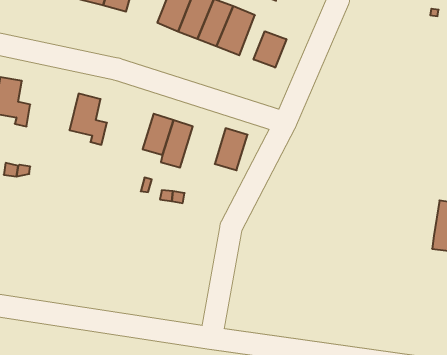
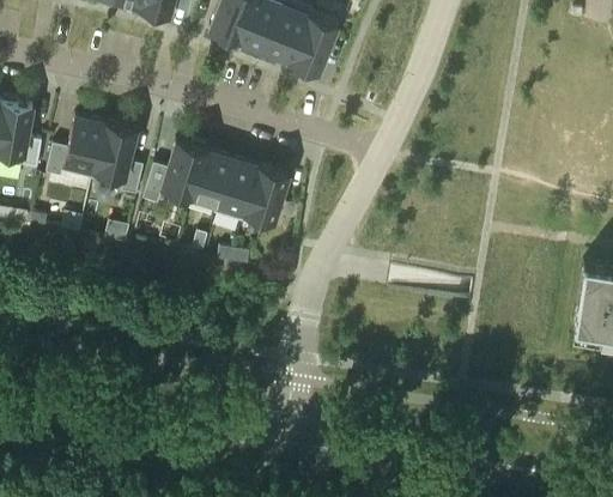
building: [254,31,286,68] -> none
building: none -> [47,119,105,175]
building: none -> [142,144,204,199]
building: [215,128,248,170] -> [241,169,284,224]

